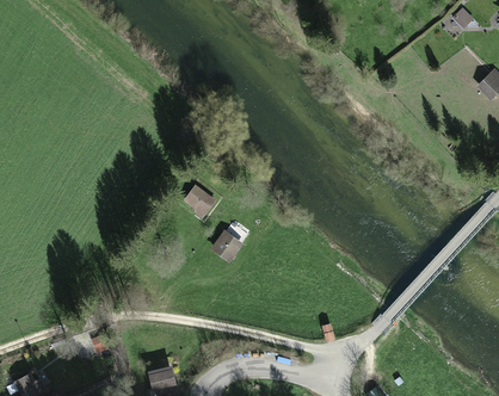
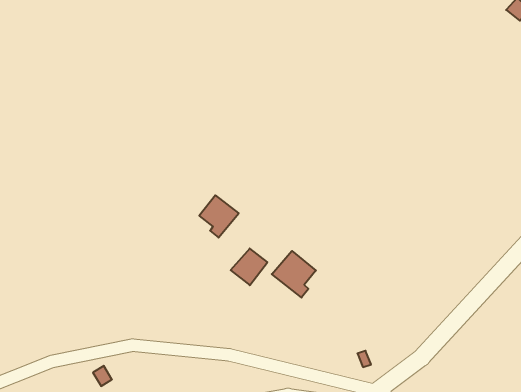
building: none -> [272,251,316,298]

